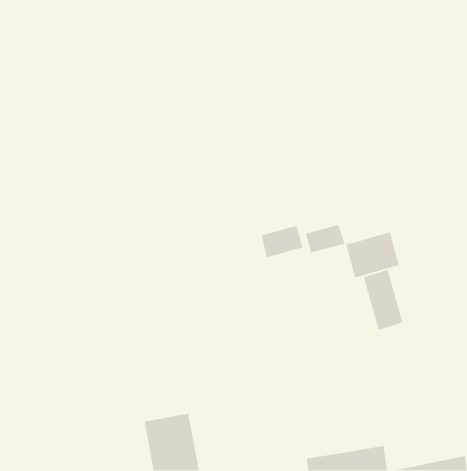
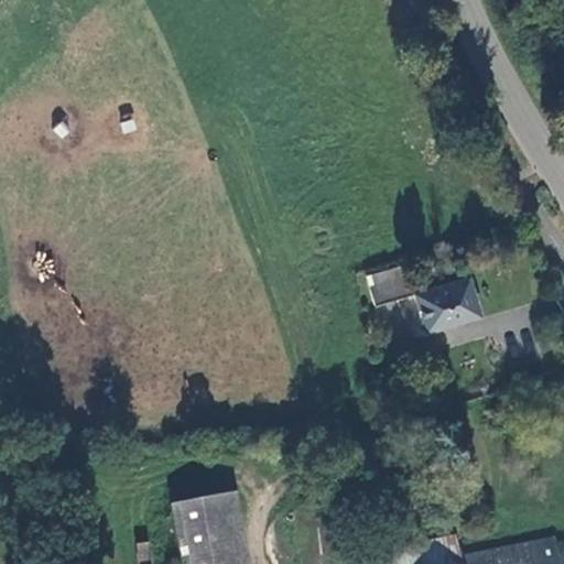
building: [261,225,303,258] -> none
building: [363,269,403,331] -> none

